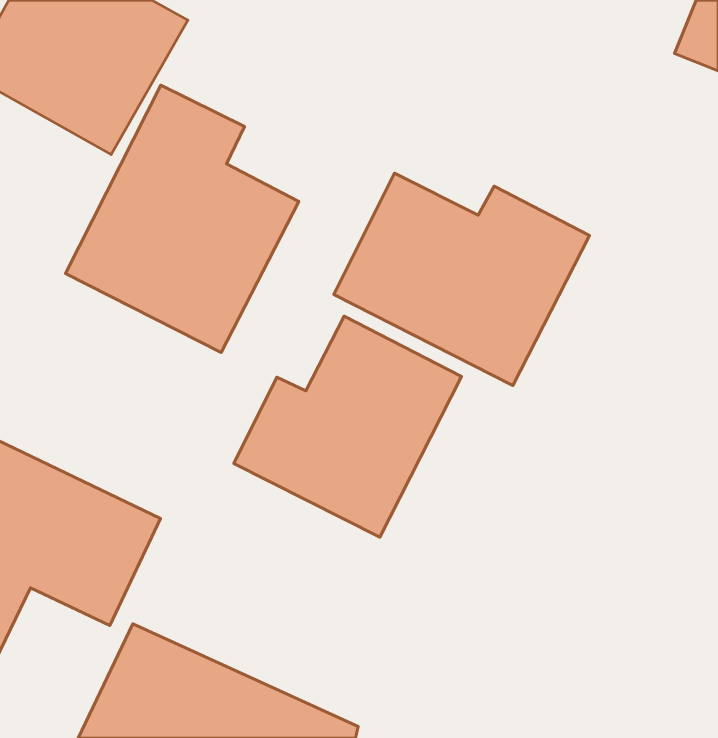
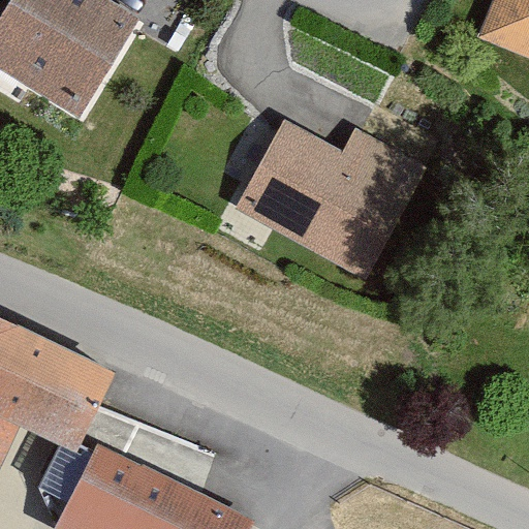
building: [65,85,299,353] -> none
building: [234,316,461,537] -> none

